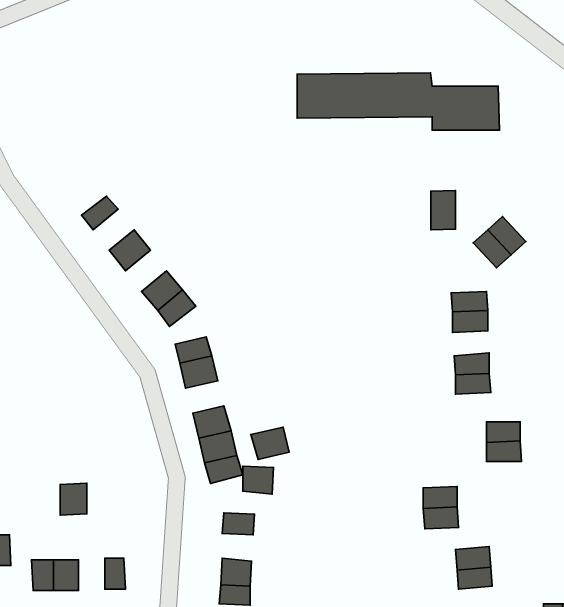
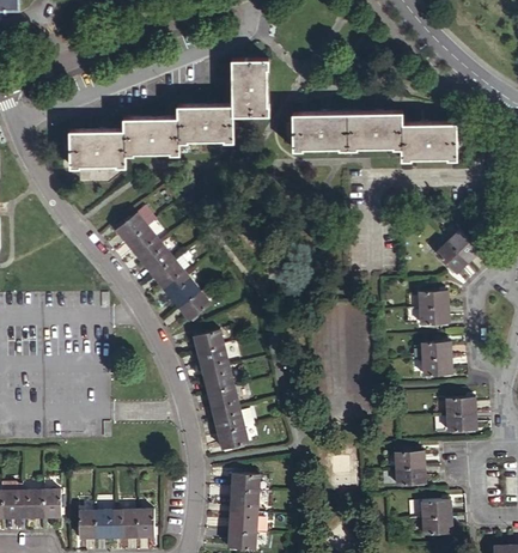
building: none -> [69,61,268,166]
building: [431,190,455,230] -> none
building: none -> [126,225,159,259]
building: none -> [152,259,185,292]
building: [251,427,289,459] -> [201,365,232,391]
building: [243,466,274,494] -> [231,490,256,512]
building: [60,483,87,515] -> [114,510,135,536]

